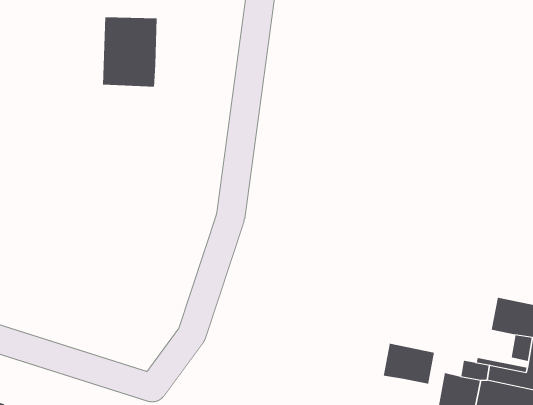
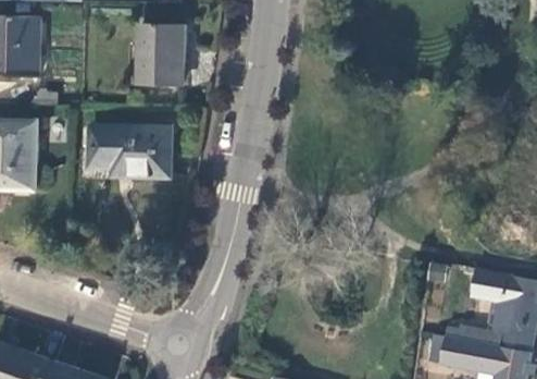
building: none -> [90,127,171,174]
building: [383,343,434,384] -> none

